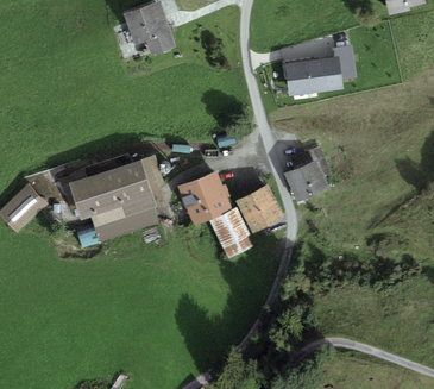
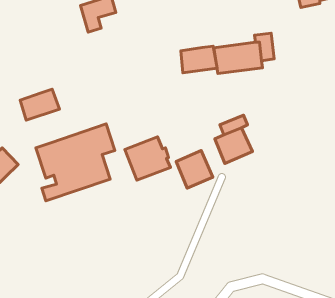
building: [144,20,175,54] -> none
building: none -> [181,46,217,73]
building: none -> [20,89,60,120]
building: [209,208,253,257] -> none

